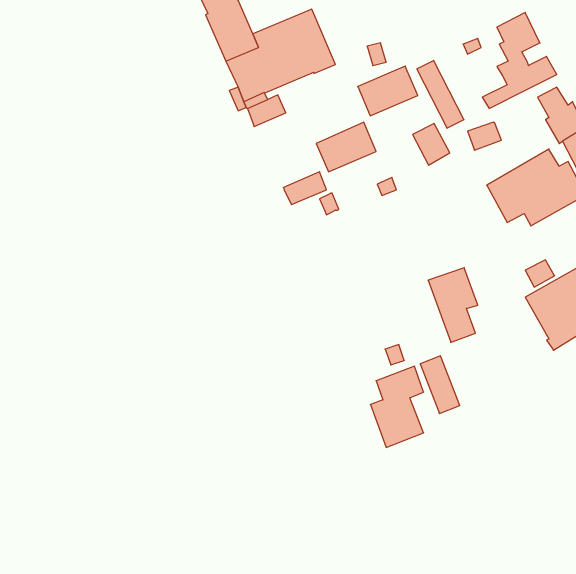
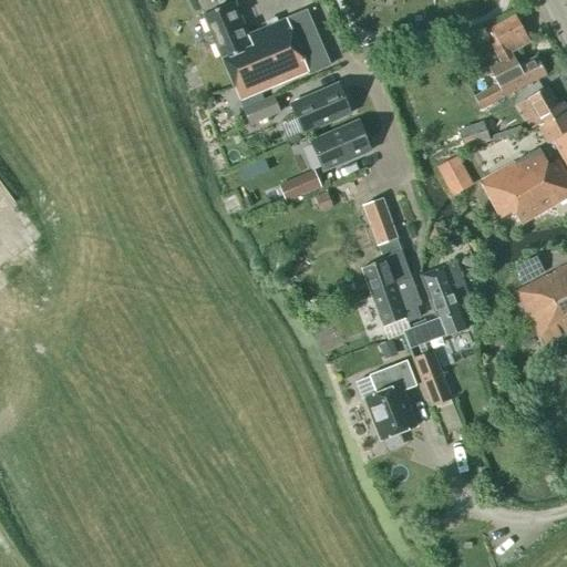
building: [417,60,464,128] -> none
building: [358,66,418,116] -> [291,83,350,132]
building: [413,123,450,165] -> [437,154,474,195]
building: none -> [362,197,422,324]
building: none -> [402,317,443,348]

